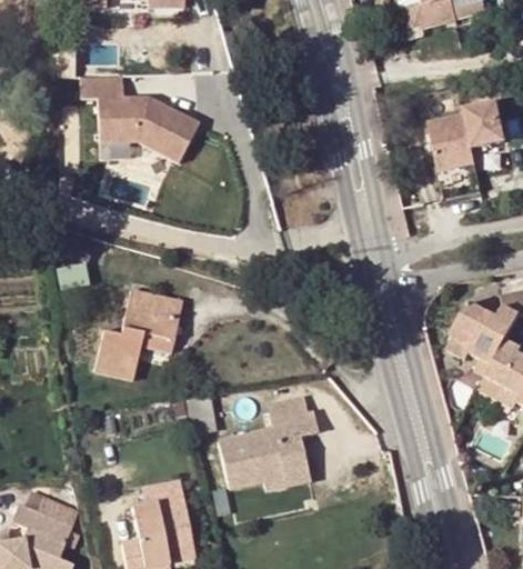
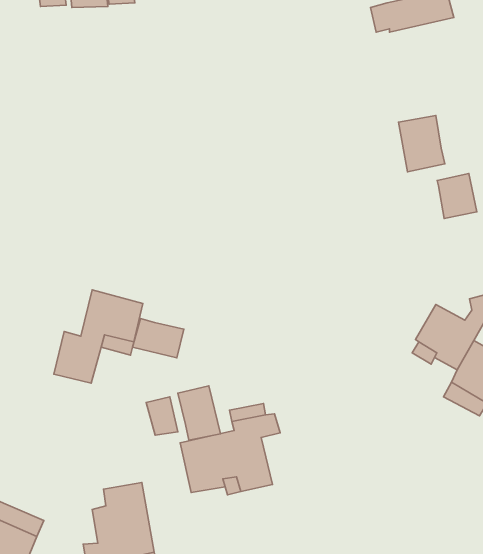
building: [82,74,201,161] -> none
building: [469,102,507,147] -> [437,174,477,219]
building: none -> [132,319,184,358]
building: none -> [178,386,220,440]

